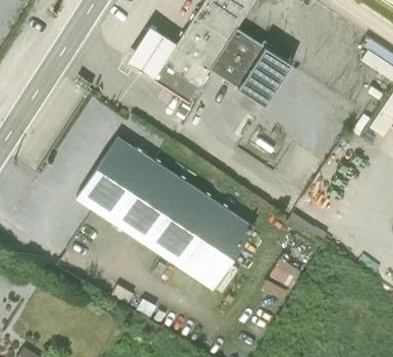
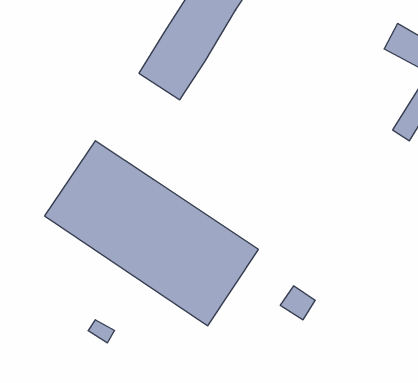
building: [211,26,290,105] -> none
building: [126,27,176,79] -> none

